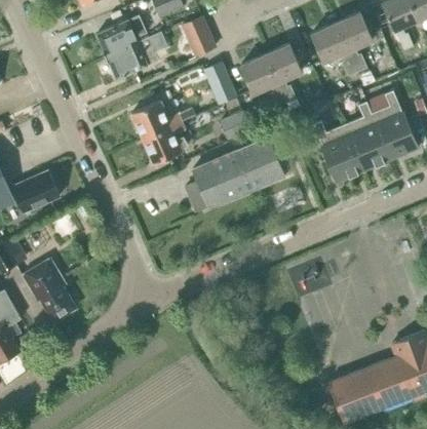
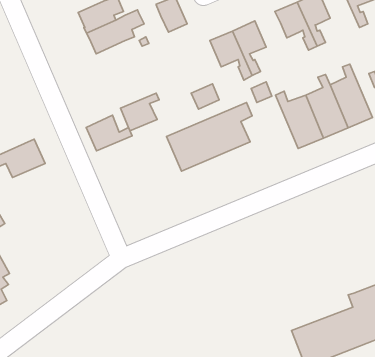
building: [203,60,236,99] -> none
building: [131,100,182,139] -> [86,115,132,151]
building: [22,258,76,321] -> none

